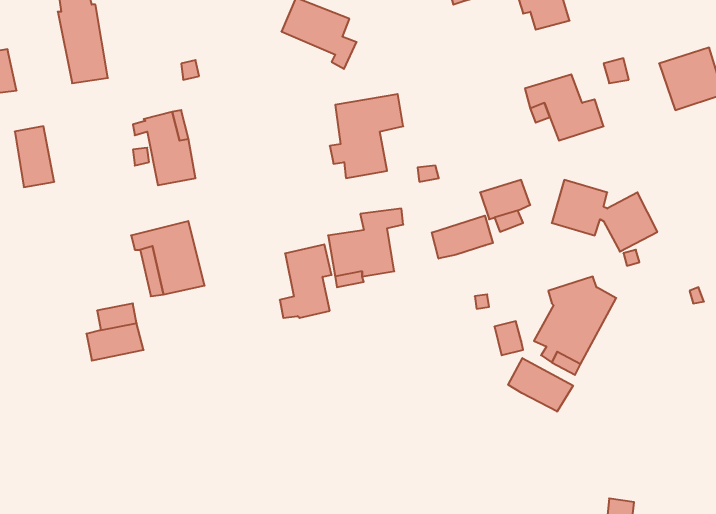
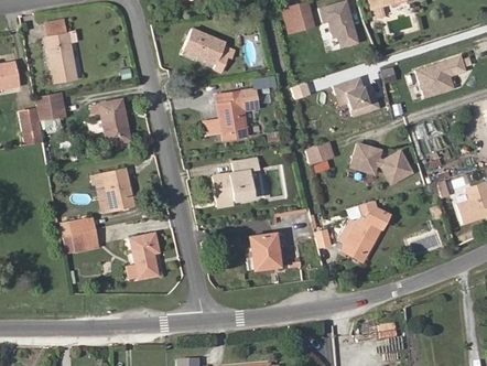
building: none -> [35,91,65,119]
building: [432,216,493,259] -> none
building: [280,244,332,318] -> [127,233,159,278]
building: none -> [244,233,279,270]
building: [508,358,573,412] -> none

